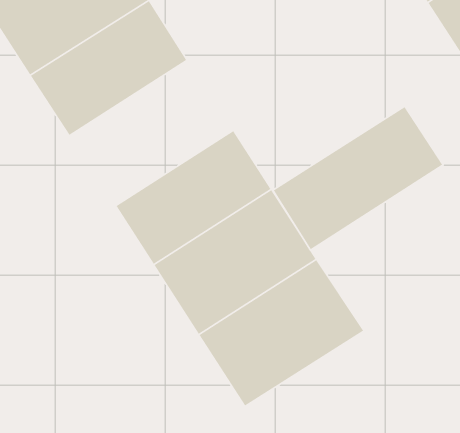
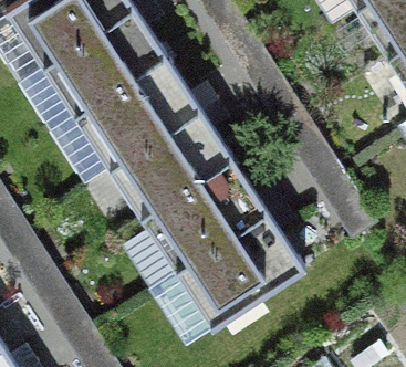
building: none -> [72,59,201,174]
building: [273,106,443,250] -> none

